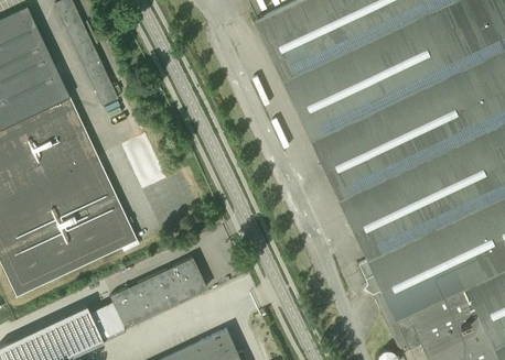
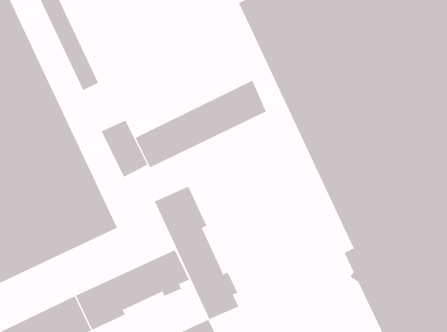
building: none -> [135,80,267,168]
building: none -> [154,186,239,320]

